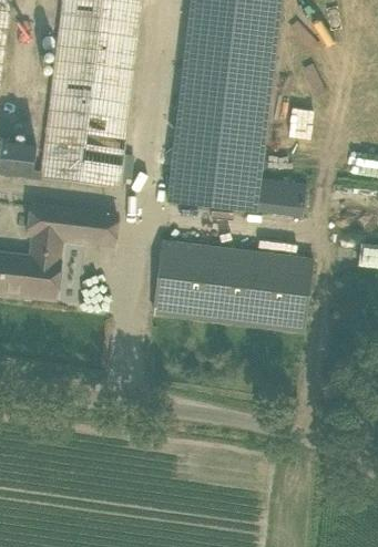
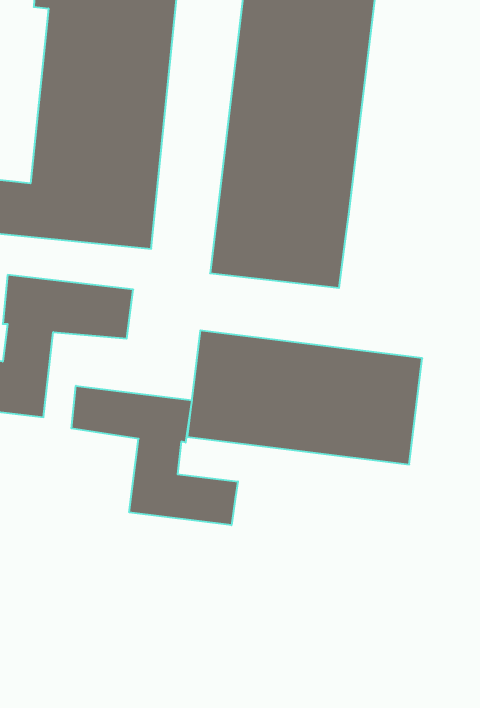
building: [254,177,304,216] -> none
building: none -> [71,386,238,525]

